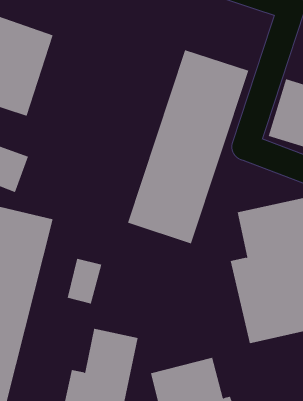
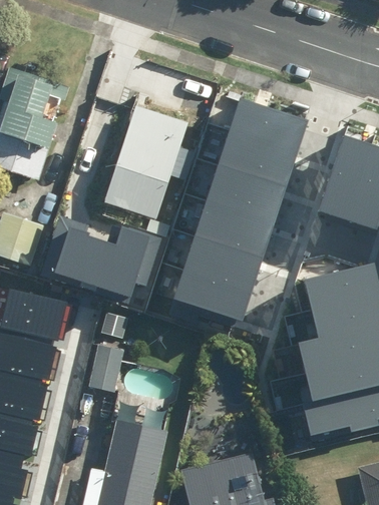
building: none -> [107,107,191,220]
building: none -> [46,204,157,299]

